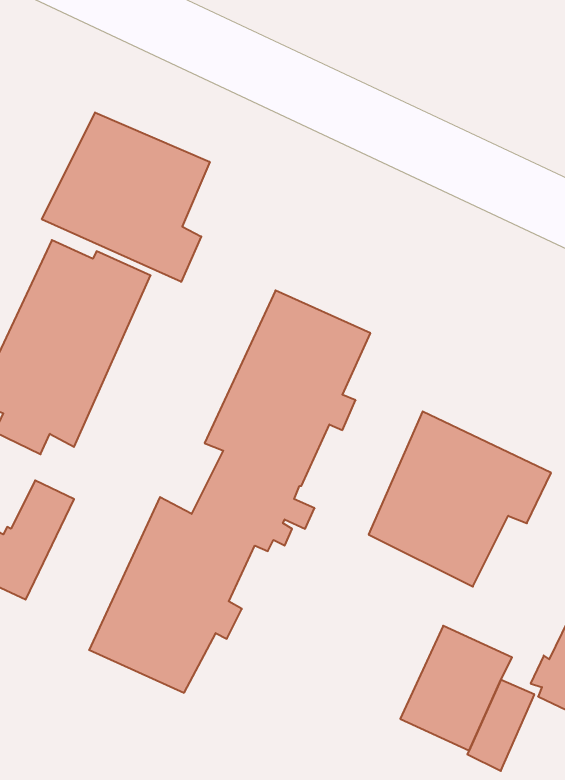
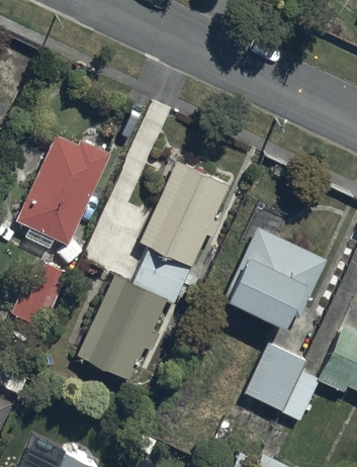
building: [42,112,210,282] -> none

